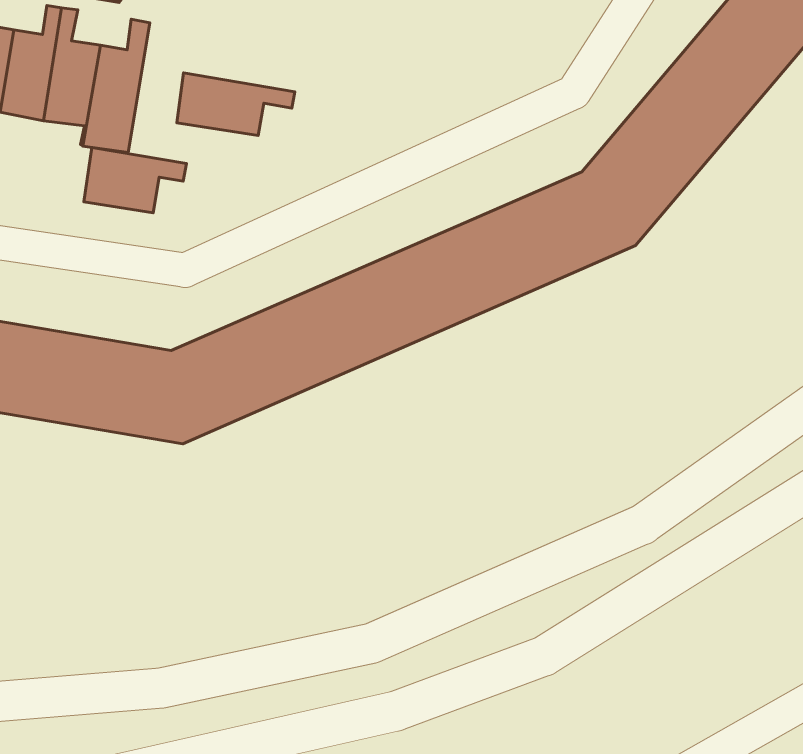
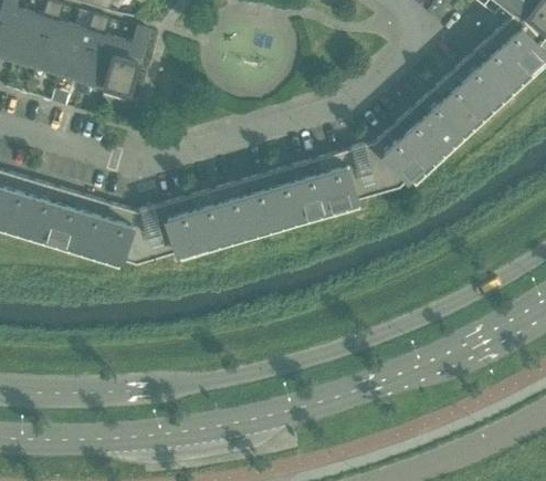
building: [177,73,295,136] -> none
building: [84,147,186,213] -> none

